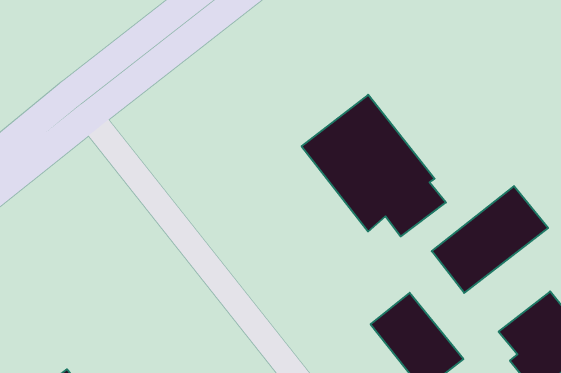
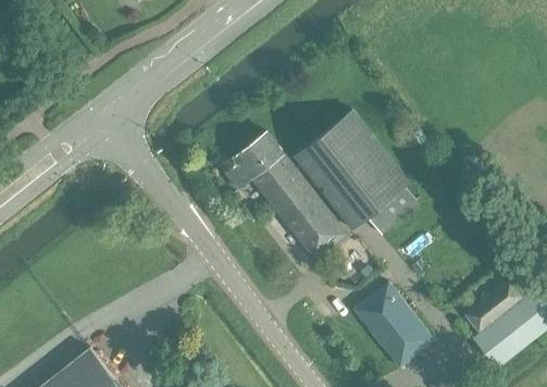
building: none -> [225,132,348,259]
building: [432,186,548,293] -> none

